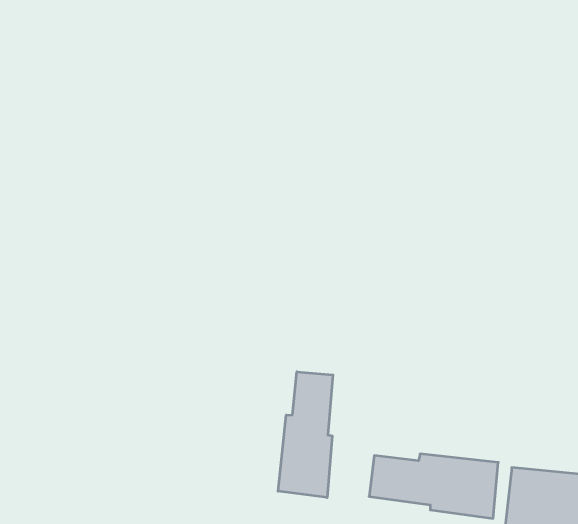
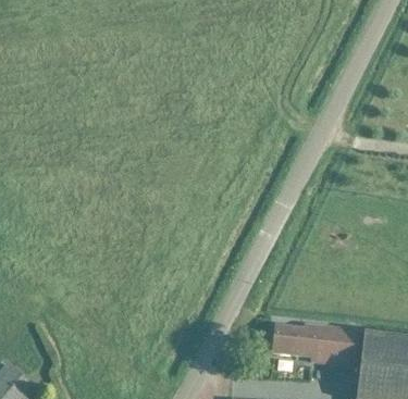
building: [278,372,333,498] -> none

